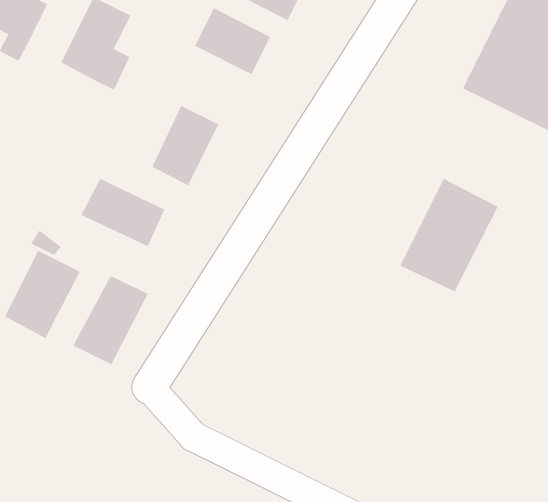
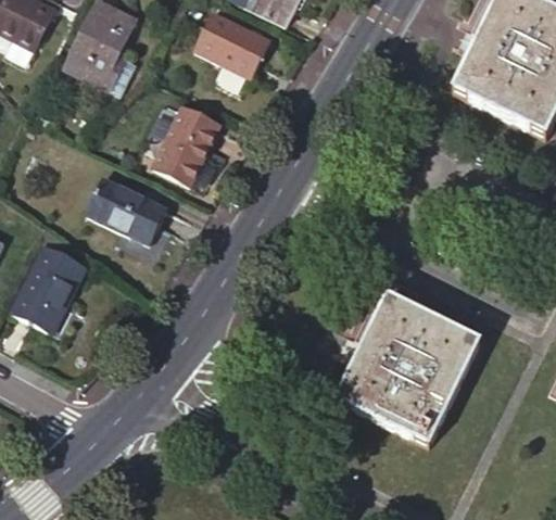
building: [399,178,499,292] -> none
building: [73,275,148,365] -> none
building: none -> [337,296,479,443]

